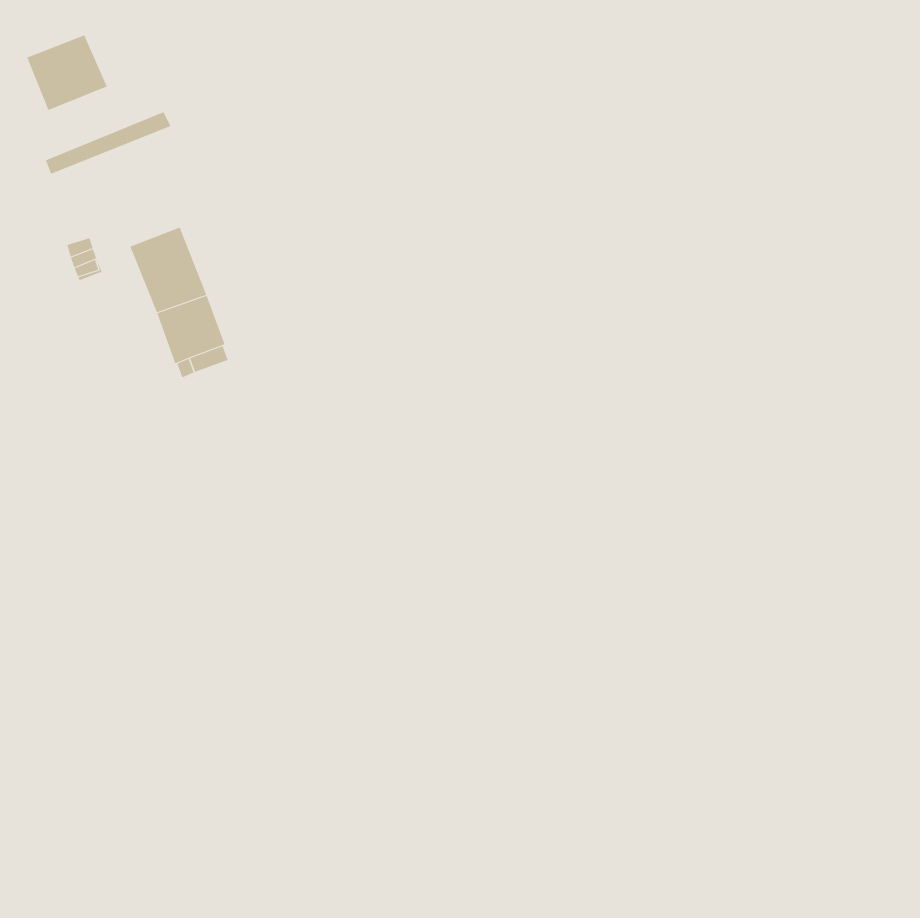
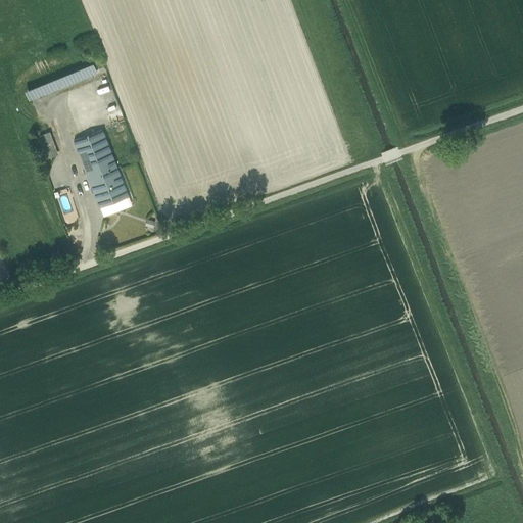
building: [26,34,107,111] -> none

